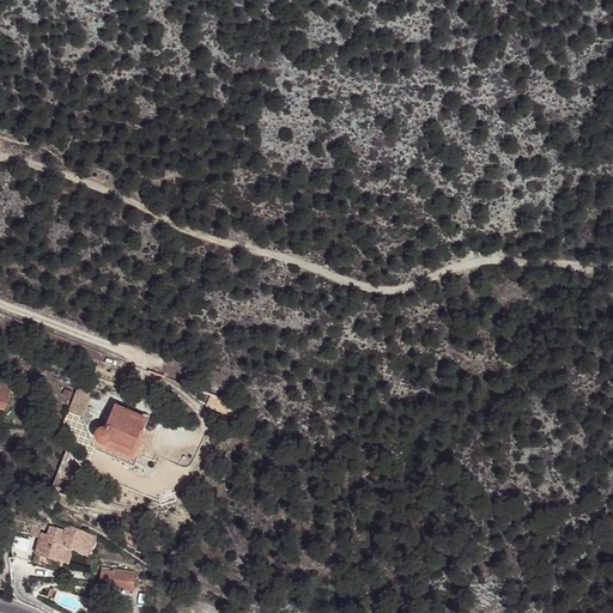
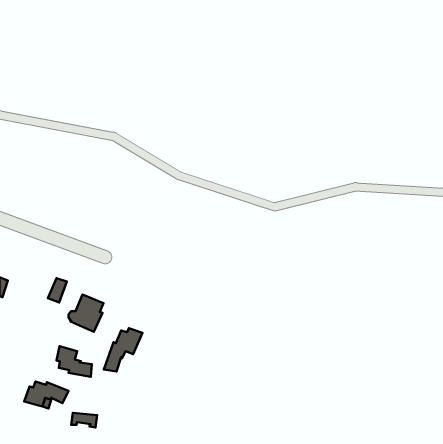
building: none -> [104,328,143,372]
building: none -> [56,346,92,377]

